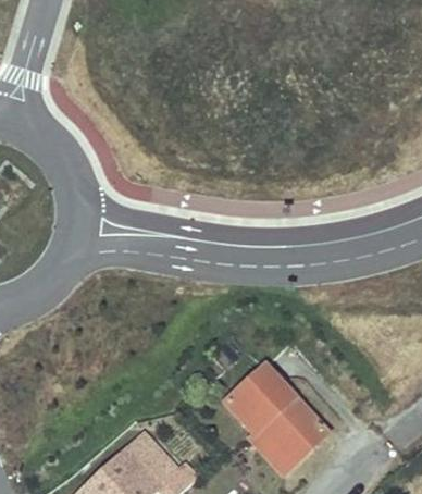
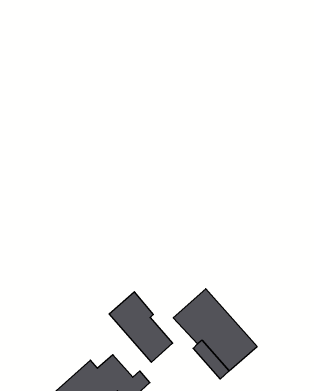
building: none -> [109,292,173,362]

